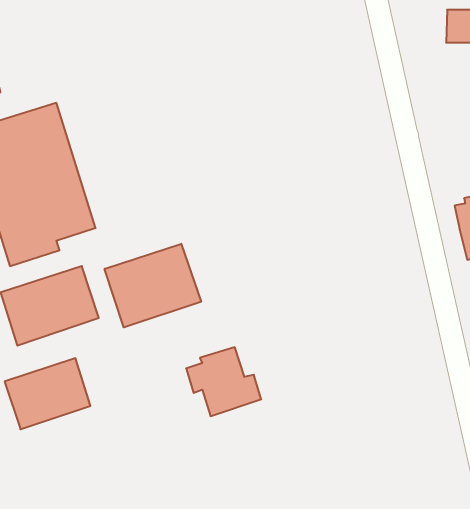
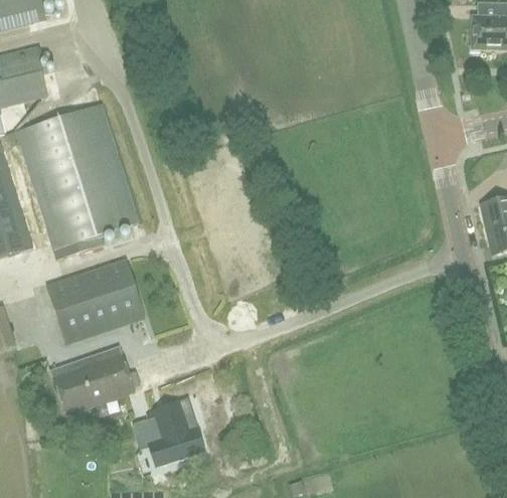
building: [105,244,201,327] -> none
building: [186,347,261,416] -> [132,400,203,466]

